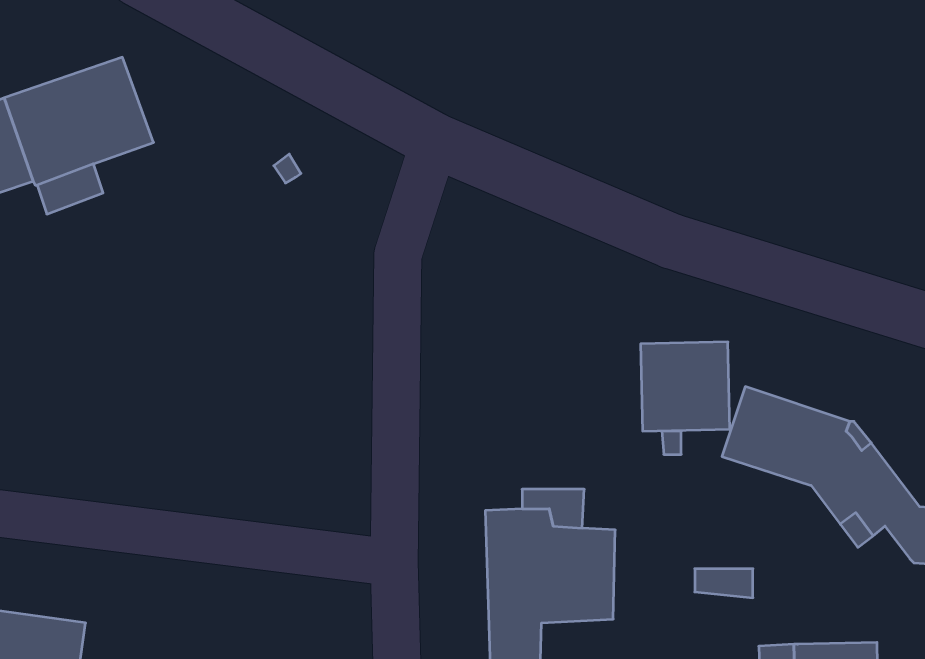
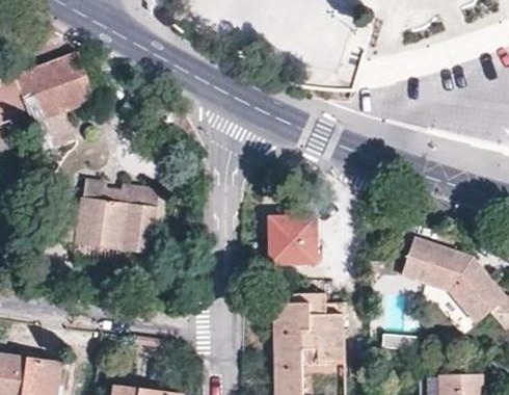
building: none -> [76,181,158,253]
building: [641,342,730,431] -> [268,214,316,262]

